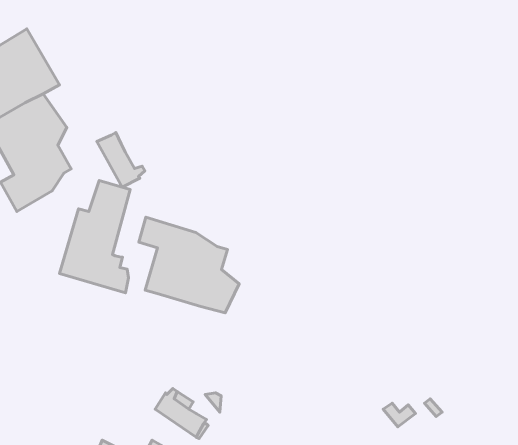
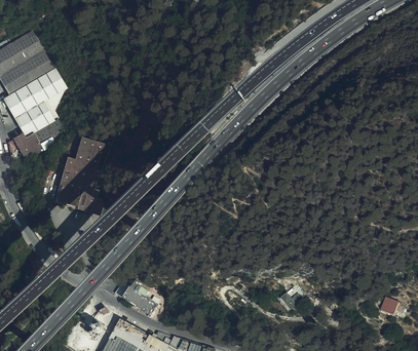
building: [97,132,145,187] -> none
building: [139,217,239,313] -> none

